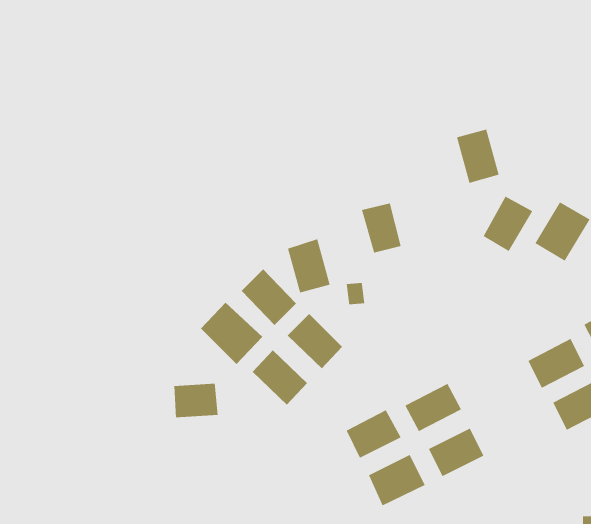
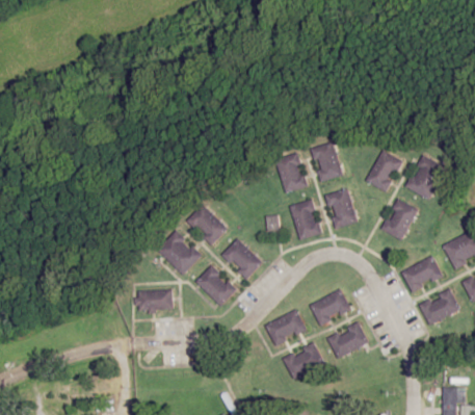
building: [456,129,500,183] -> [311,141,343,182]
building: [287,239,330,293] -> [290,199,322,239]
building: none -> [325,188,358,229]
building: none -> [381,198,419,240]

